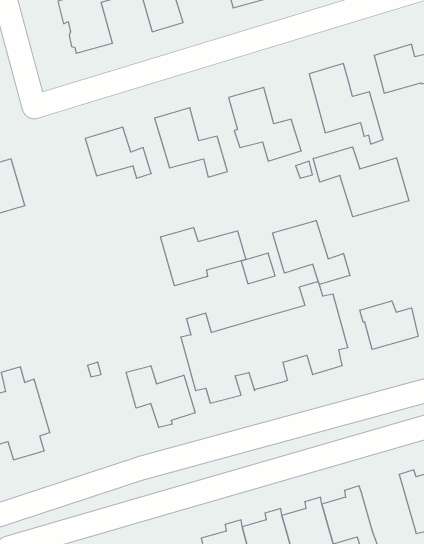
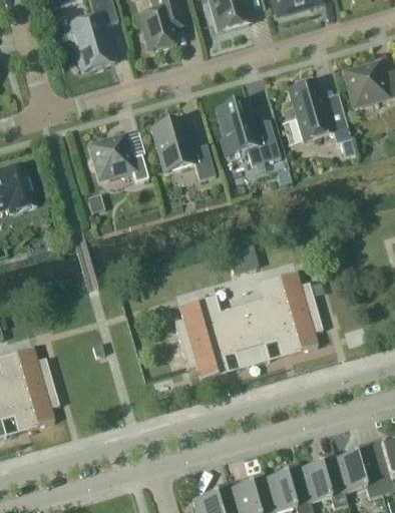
building: [313,147,409,217] -> none
building: [273,220,350,285] -> none
building: [161,227,246,286] -> none
building: [360,301,418,349] -> none
building: [126,366,195,428] -> none
building: none -> [334,442,382,498]

